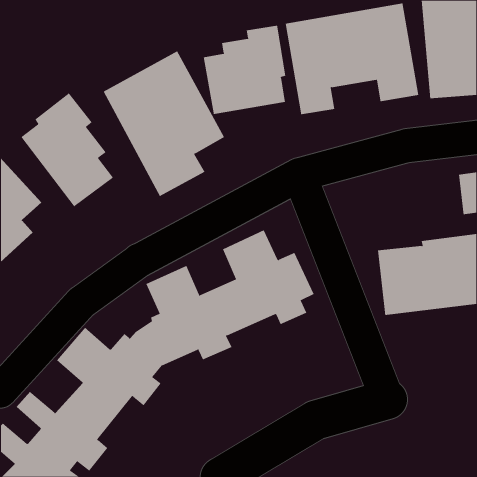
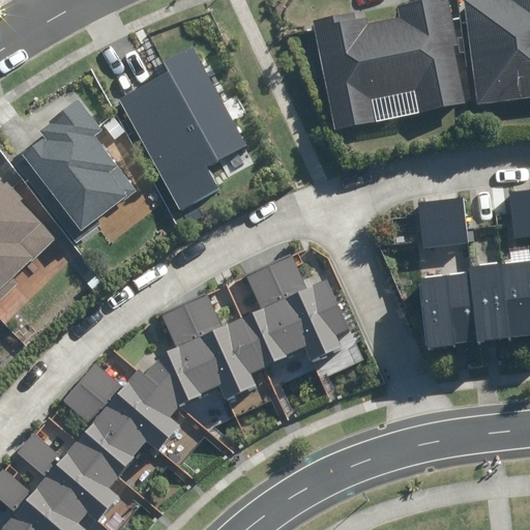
building: [203,25,286,115] -> none
building: none -> [418,198,468,248]

